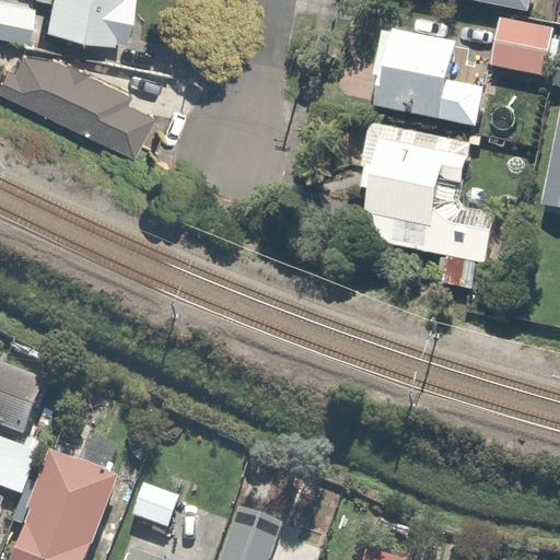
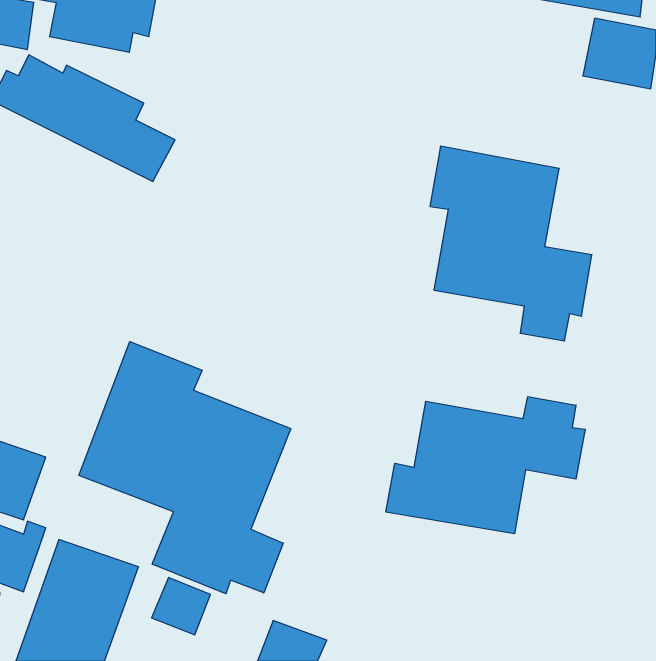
building: [366,28,490,128] -> none
building: none -> [79,342,291,594]
building: none -> [386,397,585,534]

